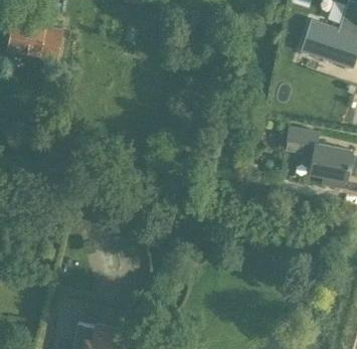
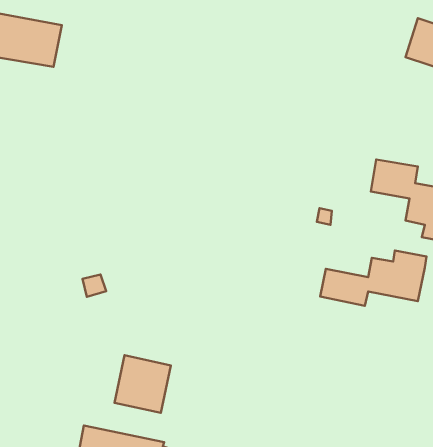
building: none -> [320,251,426,306]
building: none -> [115,355,171,413]

